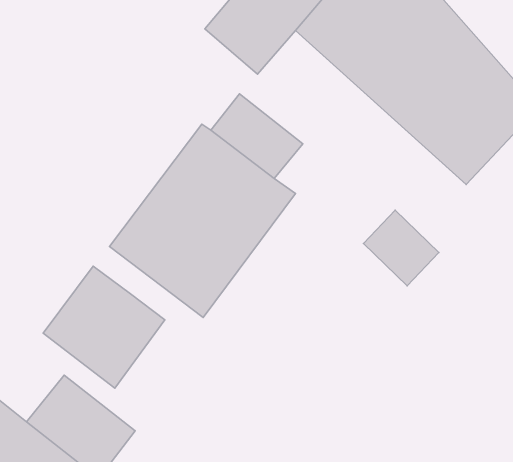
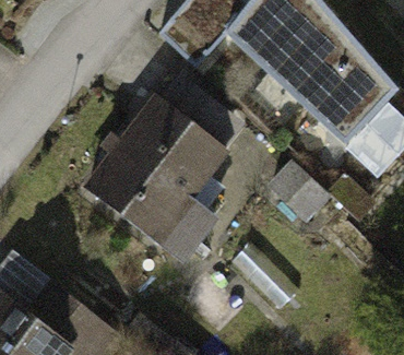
building: [43,266,165,388] -> none

